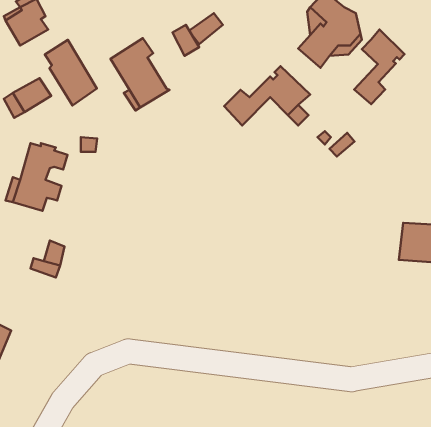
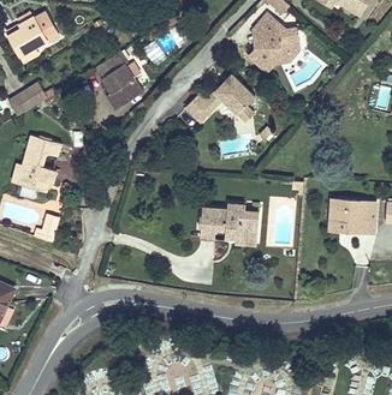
building: [354,29,405,104] -> none
building: [45,40,97,106] -> none
building: none -> [201,203,260,239]

